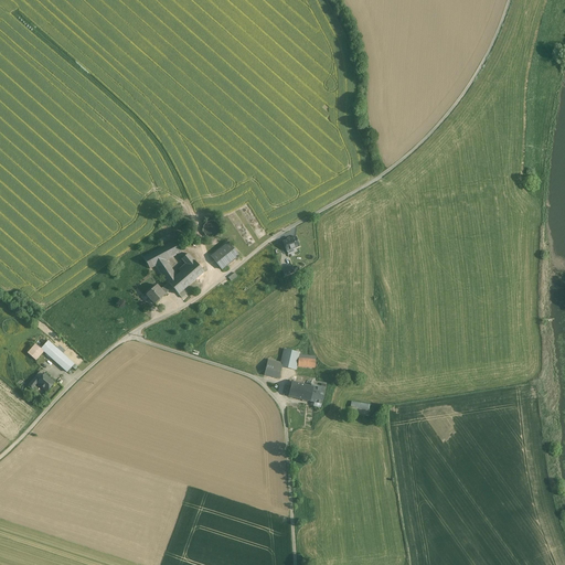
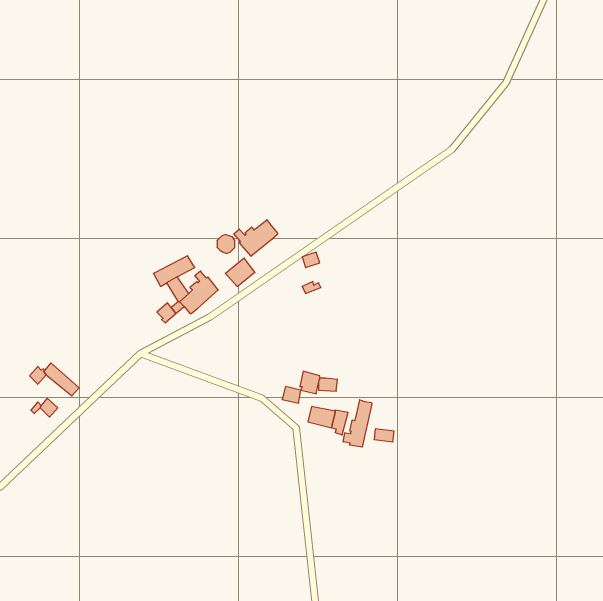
building: none -> [234,220,278,256]
building: none -> [343,400,372,447]

